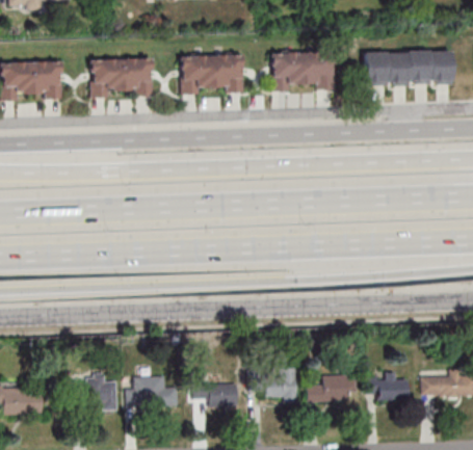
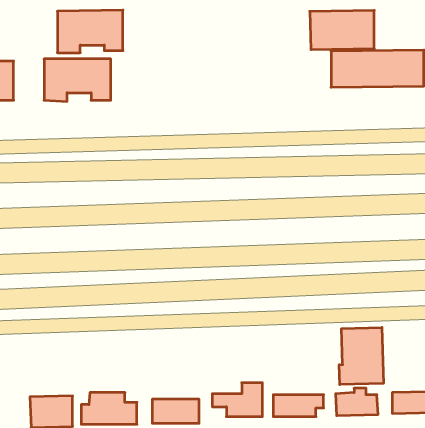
building: [271,51,333,88] -> [310,10,374,50]
building: [181,54,243,95] -> [57,10,123,53]
building: none -> [339,327,383,385]

